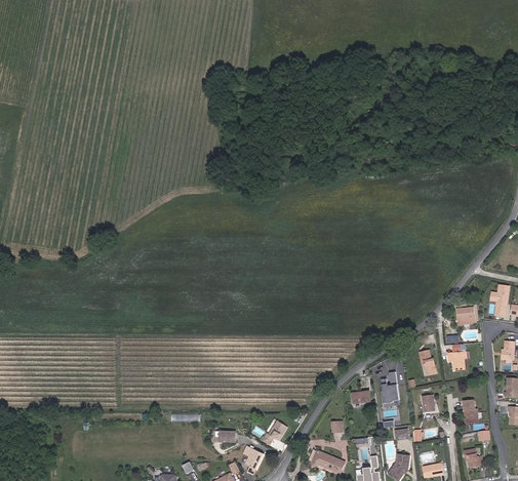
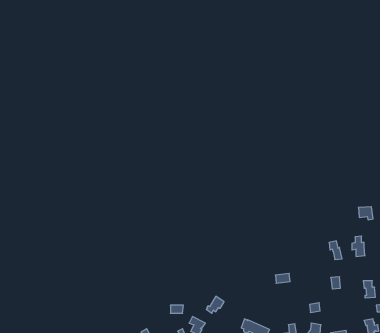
building: [381,371,399,403] -> none

